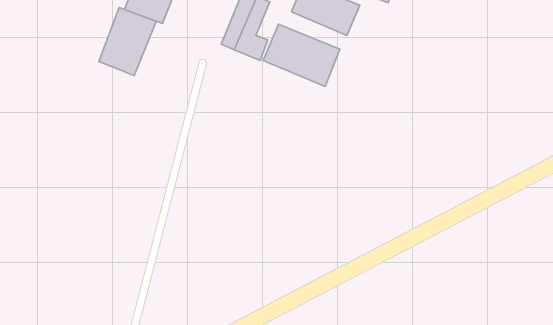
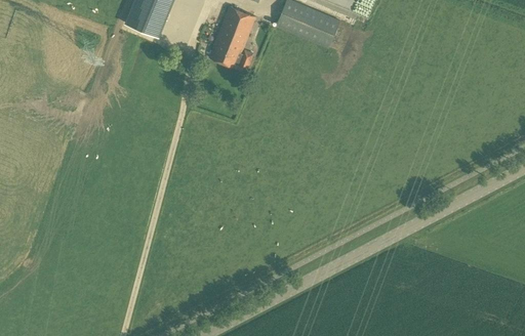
building: [99,7,156,75] -> none
building: [263,24,340,86] -> none

